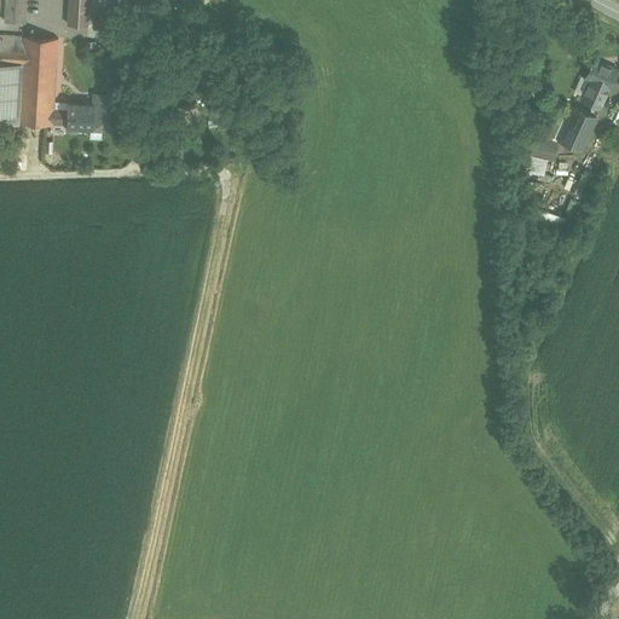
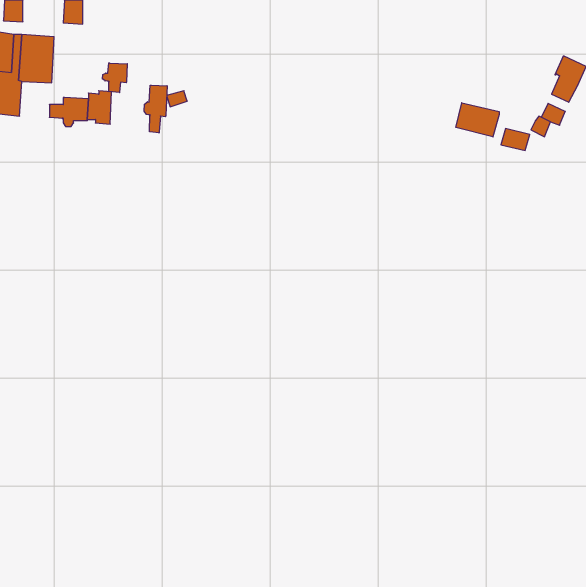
building: none -> [102,63,127,93]
building: [21,86,54,123] -> none
building: none -> [144,85,167,133]
building: none -> [456,103,499,137]

